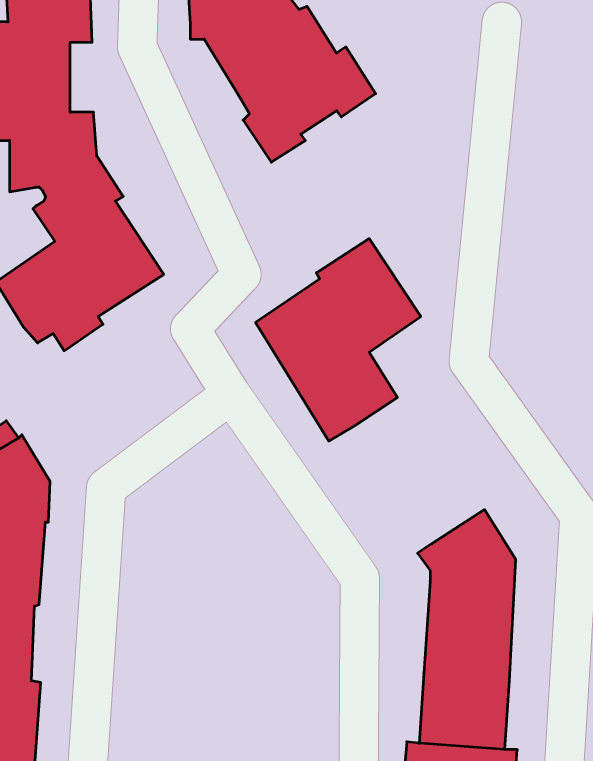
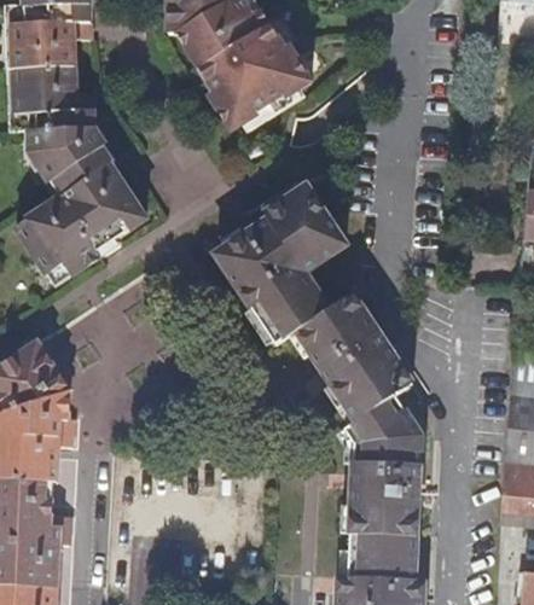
building: none -> [296,297,410,424]

